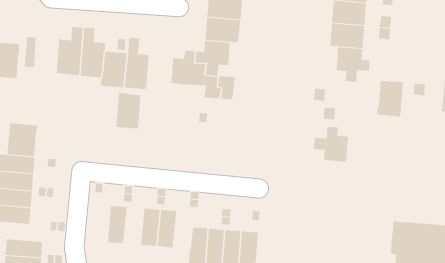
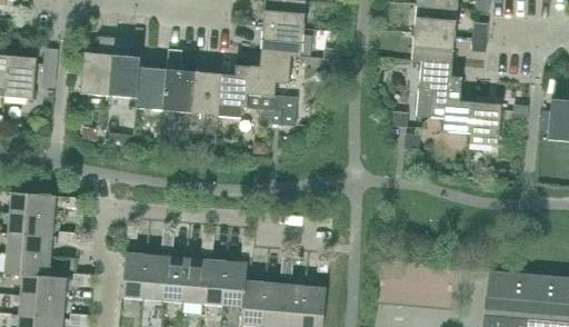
building: [115,92,141,129] -> [190,70,221,115]
building: [7,122,38,157] -> none
building: [313,126,349,162] -> [429,89,472,132]
building: none -> [121,250,146,298]
building: none -> [162,255,187,301]
building: none -> [222,259,247,306]
building: none -> [20,274,67,297]

